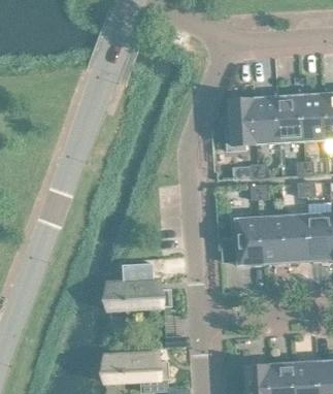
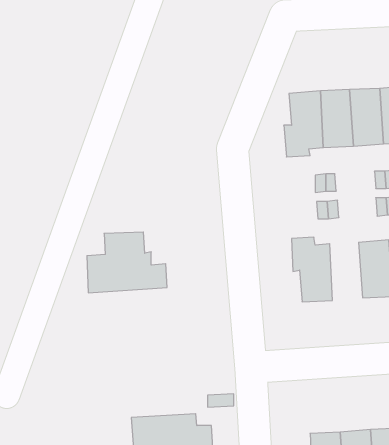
building: [261,217,287,262] -> none
building: [108,262,171,309] -> [87,232,167,293]

